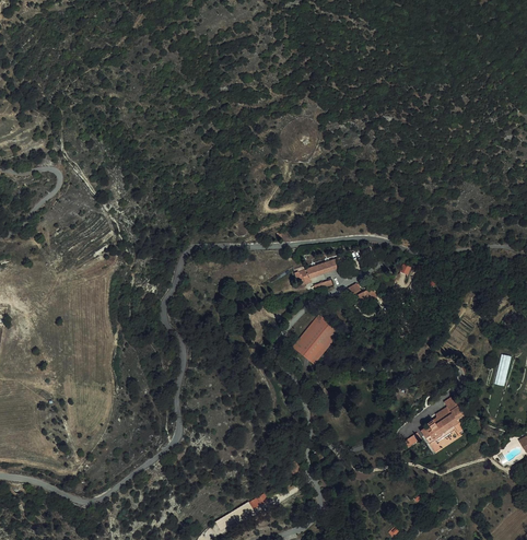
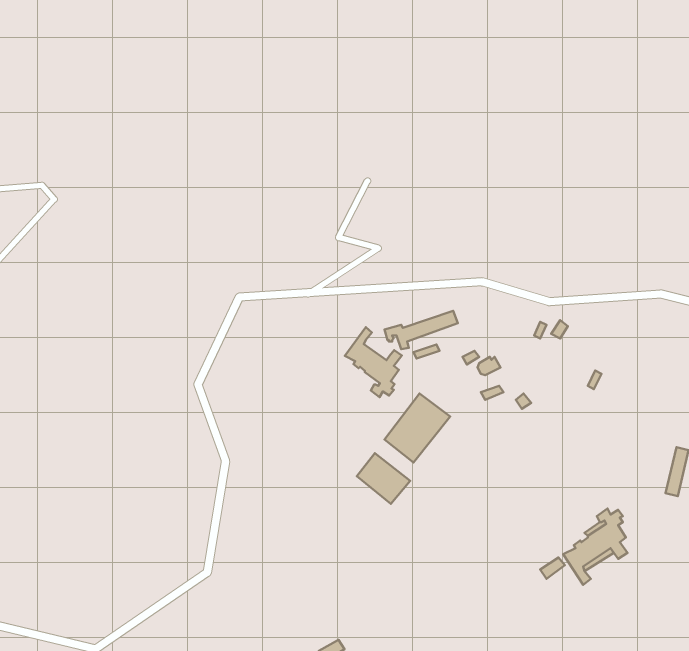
building: none -> [345,327,402,397]
building: none -> [357,453,410,504]

